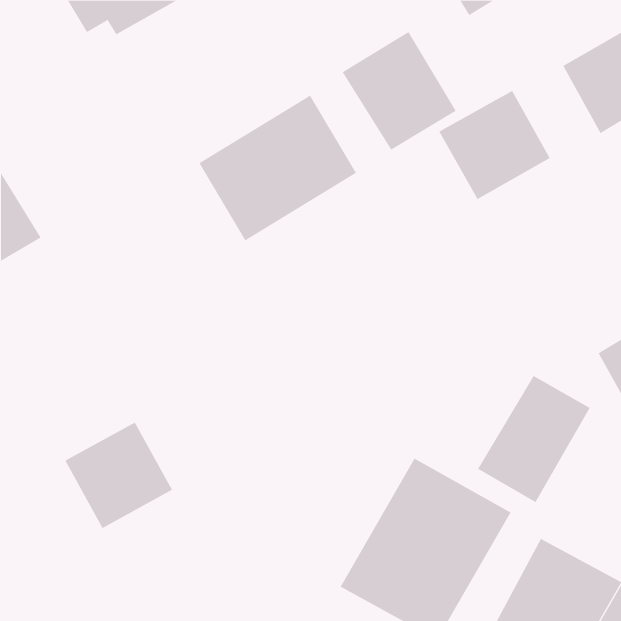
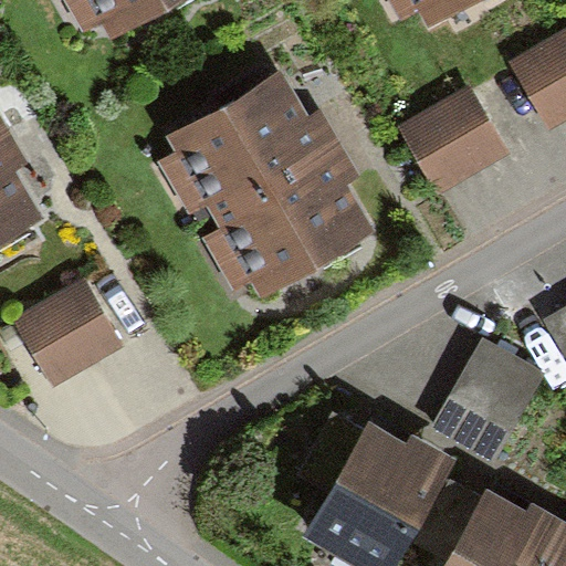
building: [342,31,456,150] -> none
building: none -> [223,158,368,291]
building: [64,422,173,529] -> [17,286,115,384]

